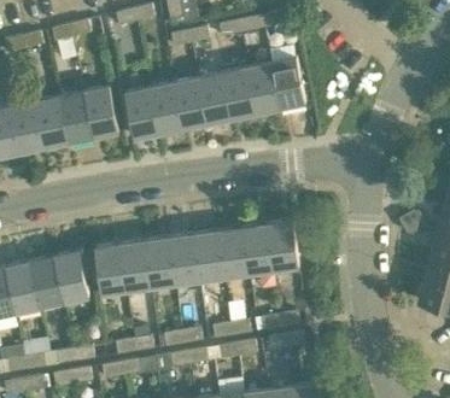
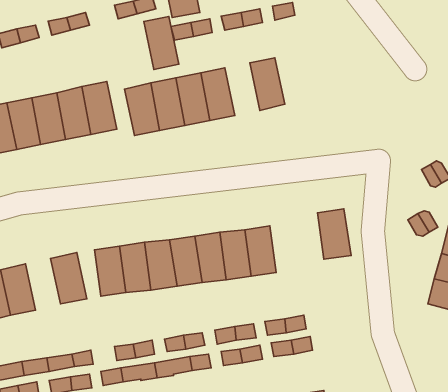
building: [269,59,303,109] -> none
building: [221,69,255,119] -> [144,17,179,69]
building: [264,222,297,270] -> [317,209,351,259]
building: [29,257,63,306] -> none

